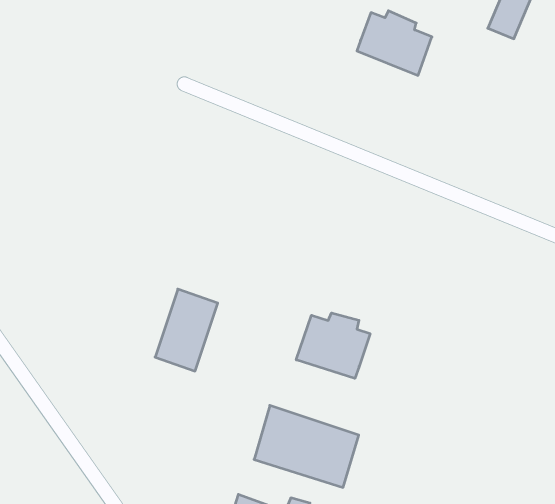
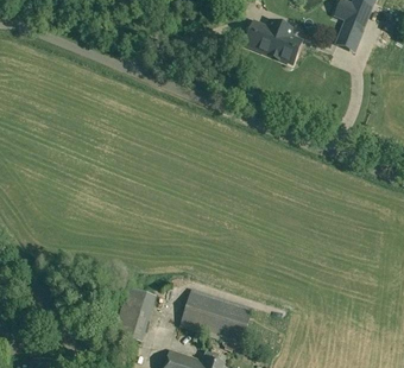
building: [155,289,218,371] -> [113,285,156,341]
building: [296,313,370,378] -> none

